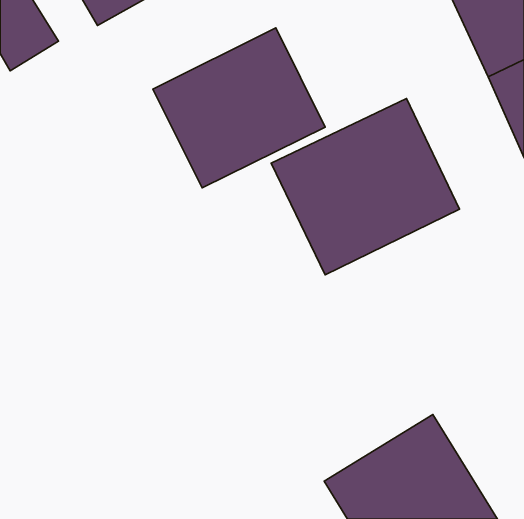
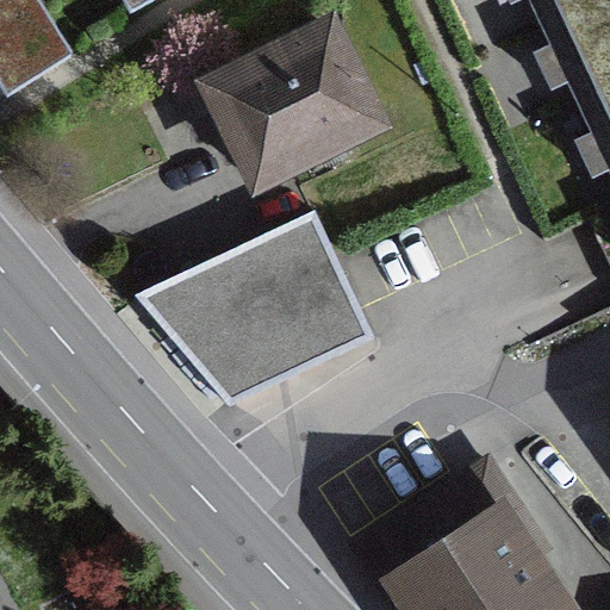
building: [271,99,459,275] -> none
building: none -> [144,213,372,396]

